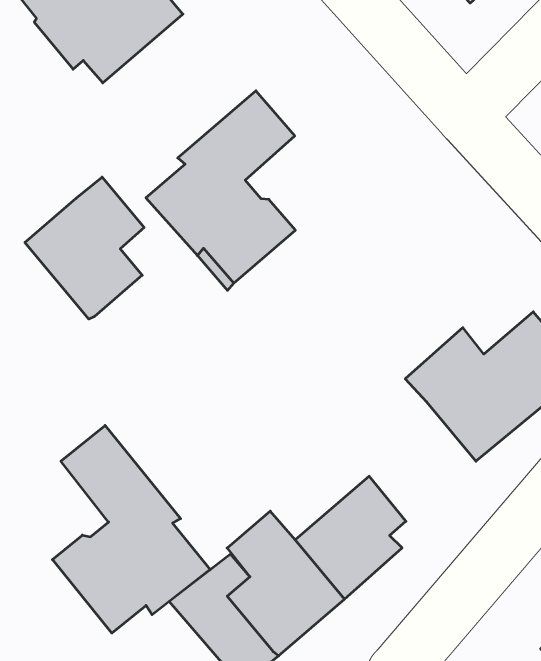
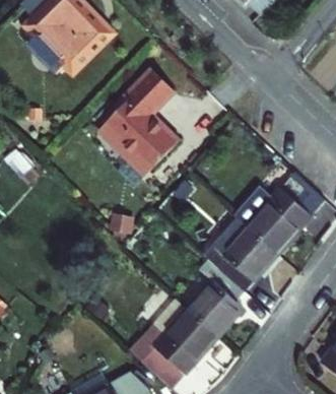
building: [25,177,144,319] -> none
building: none -> [209,226,284,290]
building: [52,425,210,633] -> none

